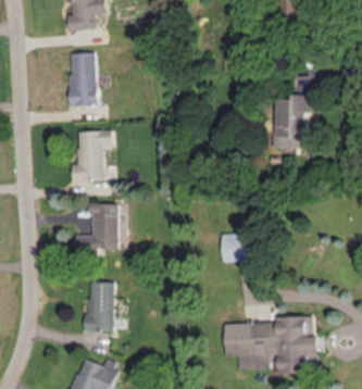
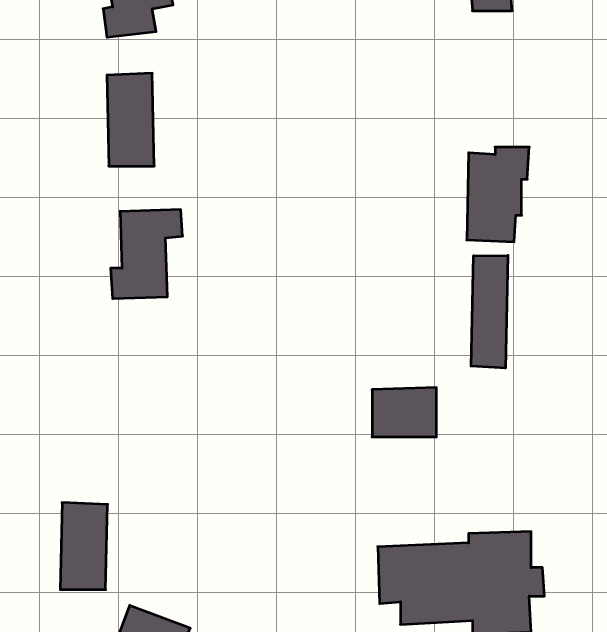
building: none -> [471,255,508,368]
building: [75,203,117,250] -> none
building: [87,281,114,331] -> [60,503,108,590]

